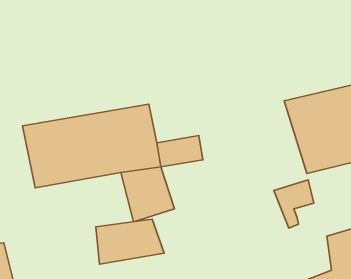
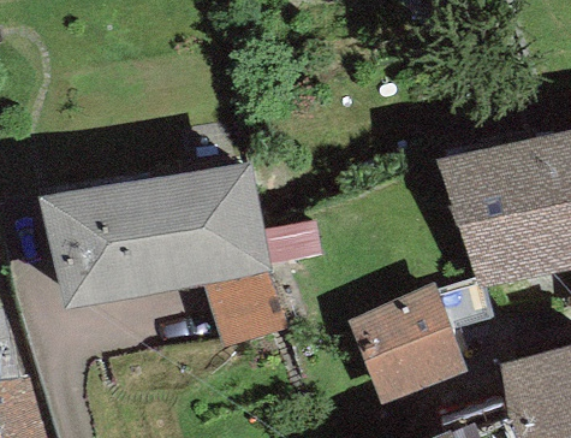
building: none -> [361,298,453,391]
building: [96,219,164,264] -> none

